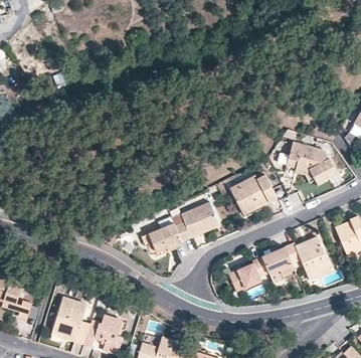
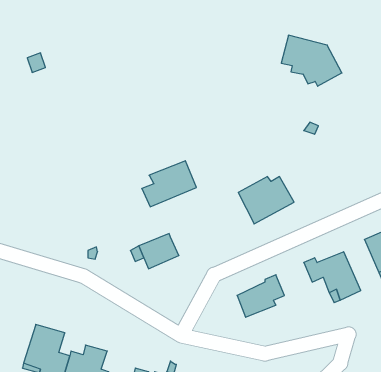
building: [287,142,337,184] -> [281,35,342,86]
building: [174,202,219,240] -> [142,161,196,207]
building: [261,246,296,283] -> none

